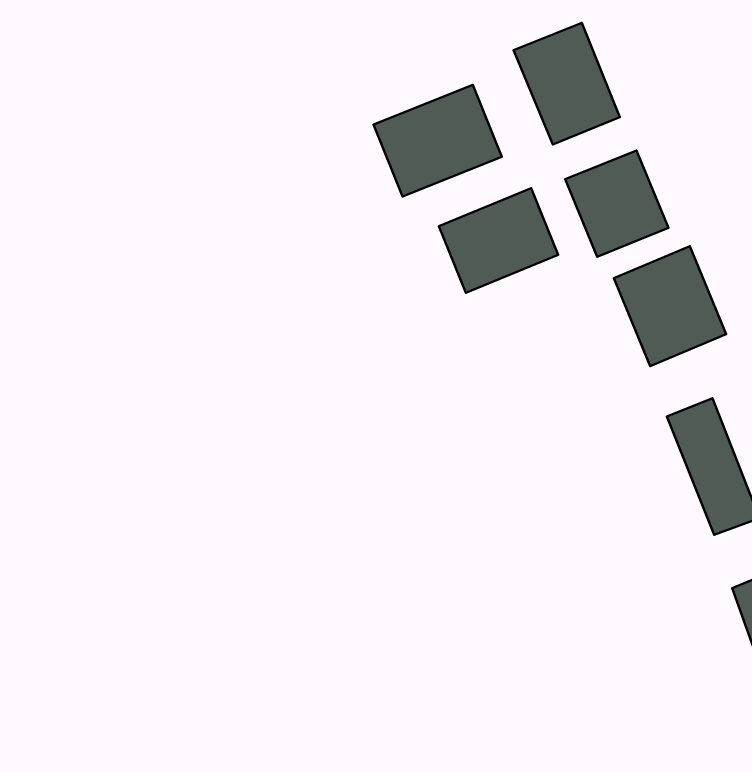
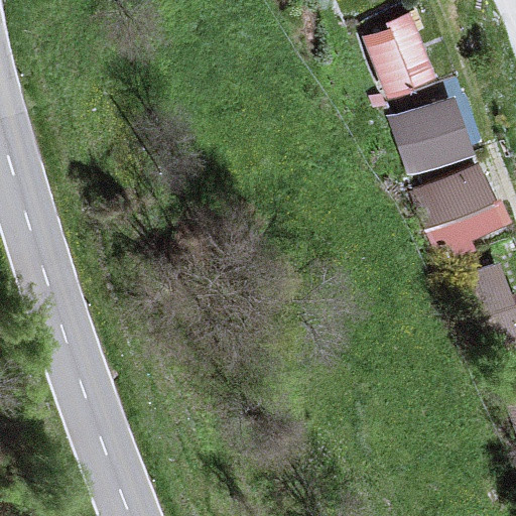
building: [374,85,502,197] -> none
building: [439,188,558,293] -> none

